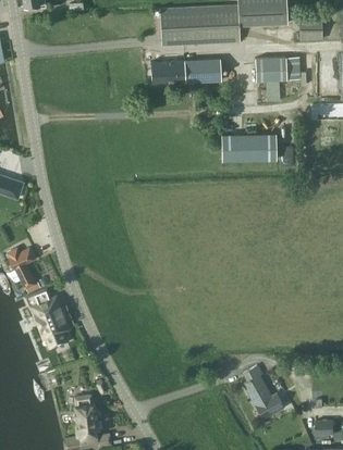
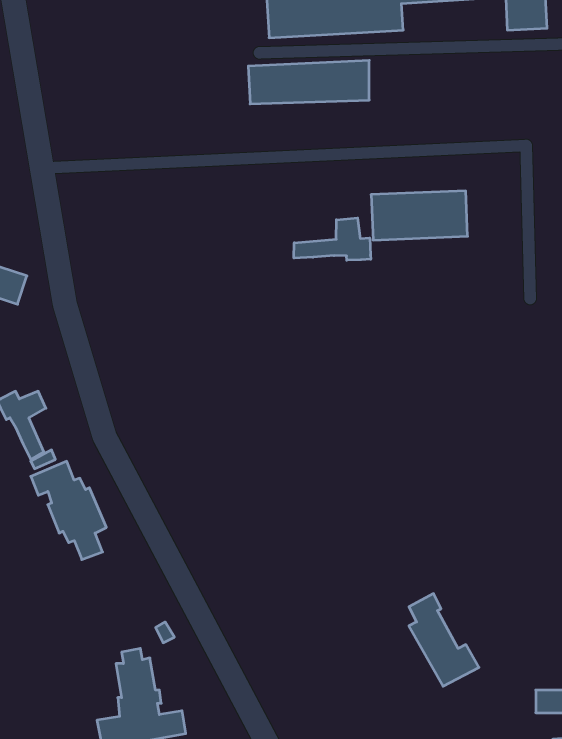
building: [256,55,299,79] -> none
building: none -> [294,218,371,260]

